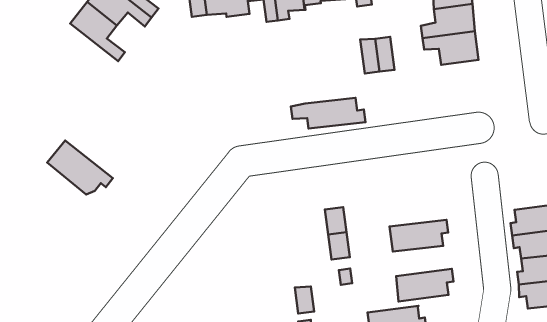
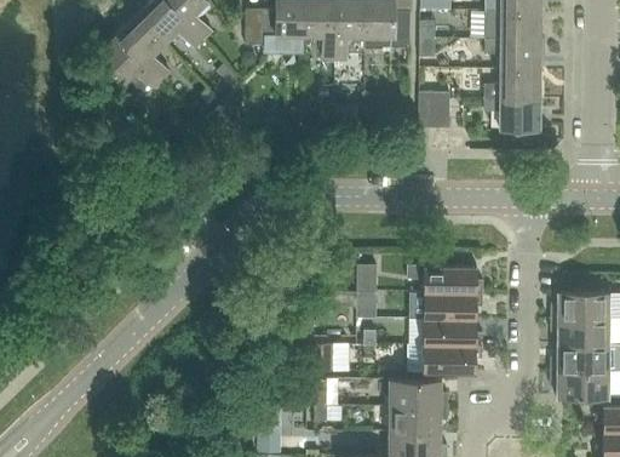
building: [291,98,366,128] -> [407,267,483,295]
building: [47,141,113,194] -> [94,36,161,96]
building: none -> [423,320,482,347]

